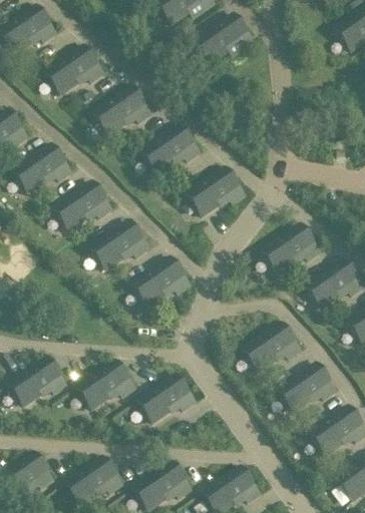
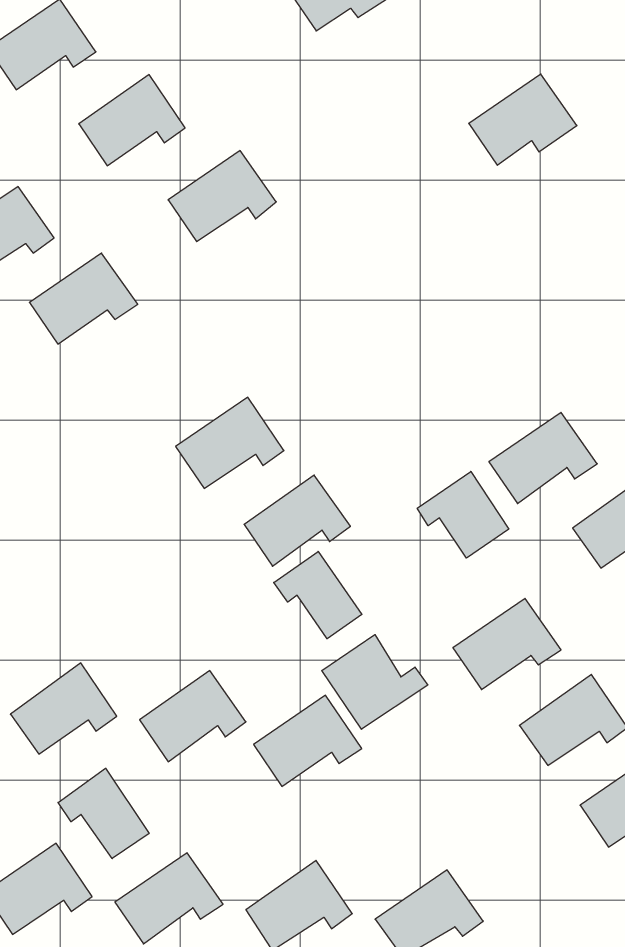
building: [198,16,255,64] -> [469,74,577,165]
building: [143,128,201,176] -> none
building: [190,169,247,217] -> none
building: [62,179,119,227] -> none
building: none -> [417,471,509,558]
building: none -> [274,551,362,639]
building: none -> [322,635,428,729]
building: none -> [58,768,149,859]

